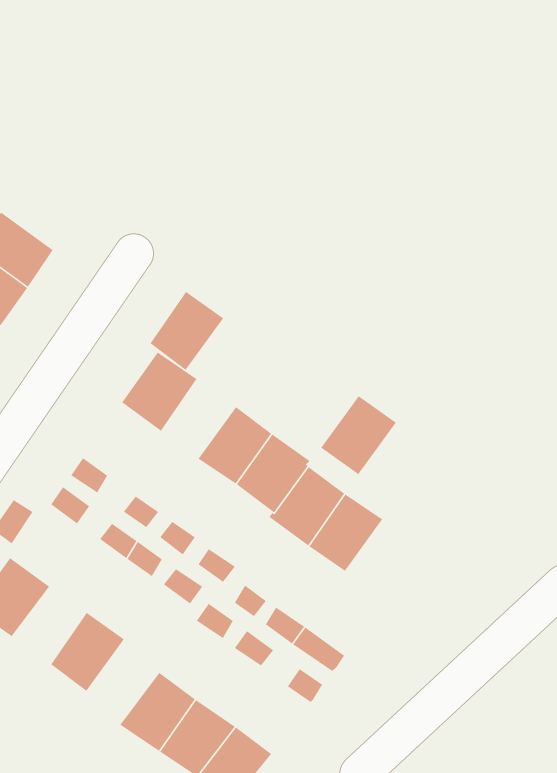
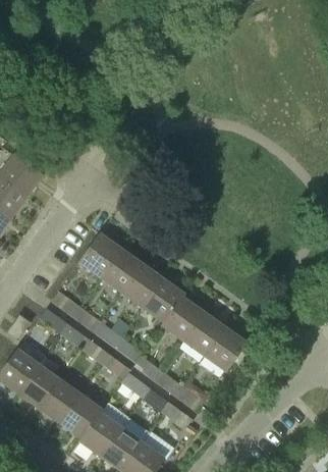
building: [149,291,224,371] -> [102,248,144,293]
building: [320,395,397,475] -> [205,326,248,371]
building: none -> [18,356,60,408]
building: none -> [60,394,103,437]

